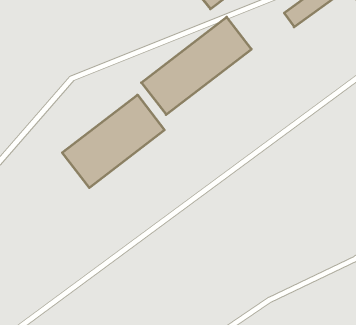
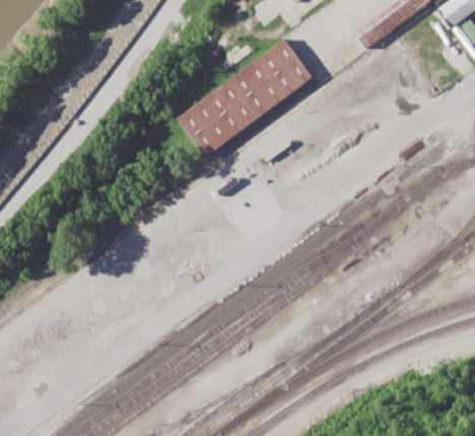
building: [62,95,164,188] -> none

